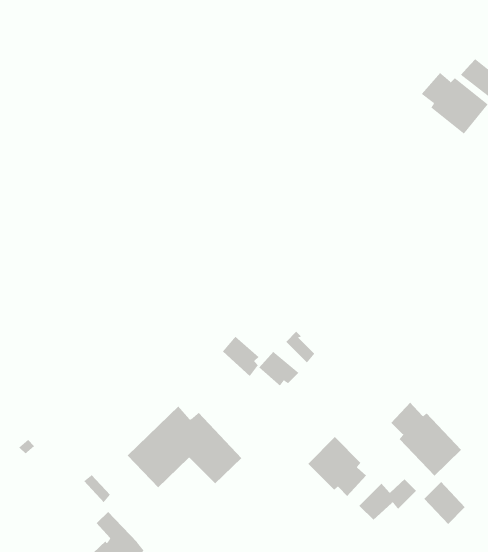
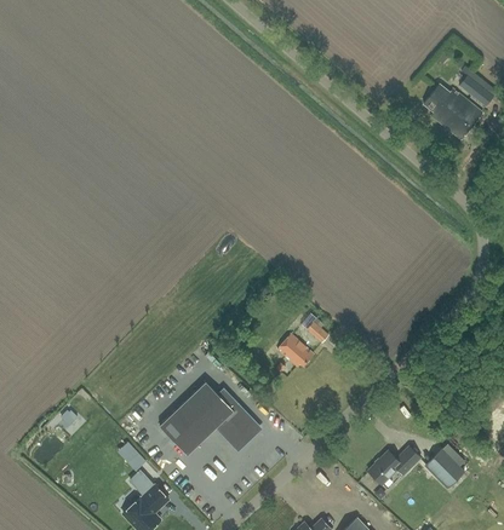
building: [222,336,259,377] -> none
building: [390,402,462,477] -> none
building: [307,436,367,497] -> none

